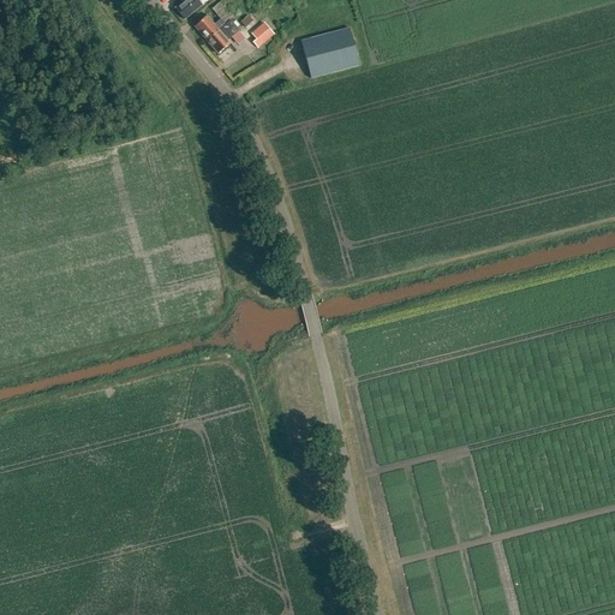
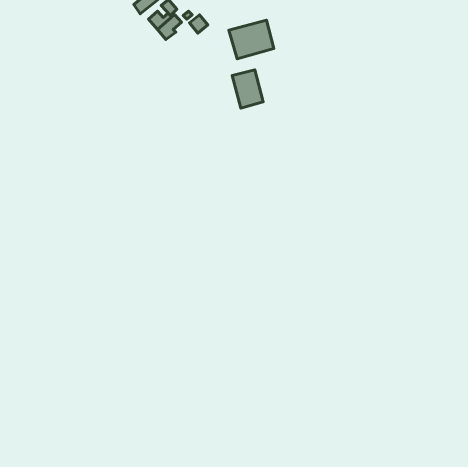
building: none -> [232,70,263,108]

